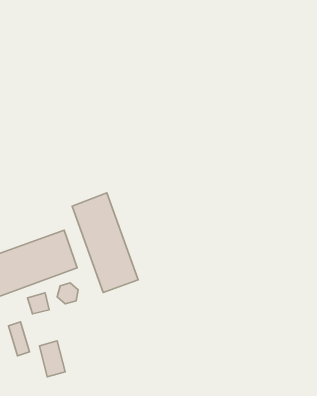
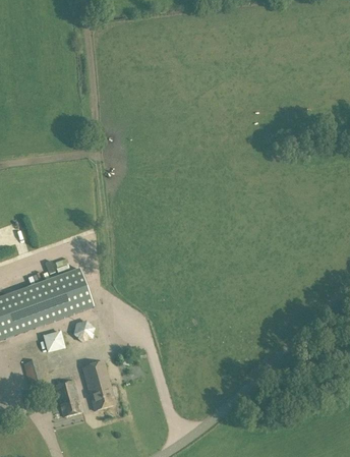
building: [72,193,138,292] -> none
building: none -> [81,360,115,409]

